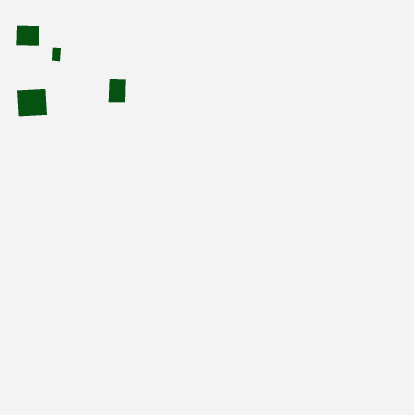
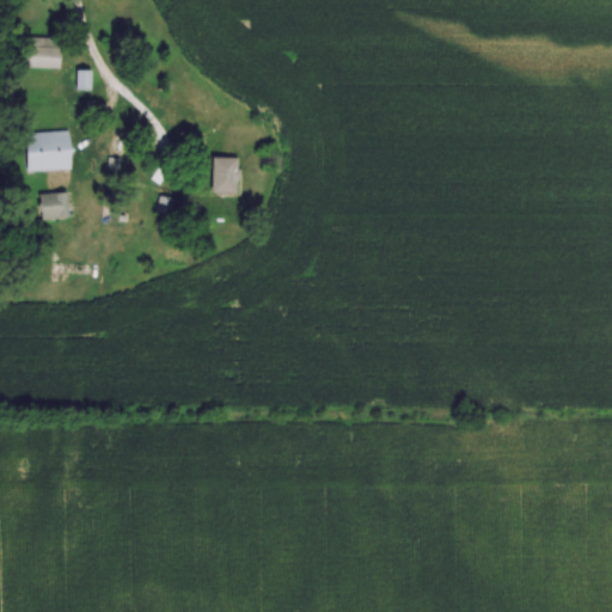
building: [108,78,127,103] -> [212,157,239,192]
building: none -> [39,192,69,220]

